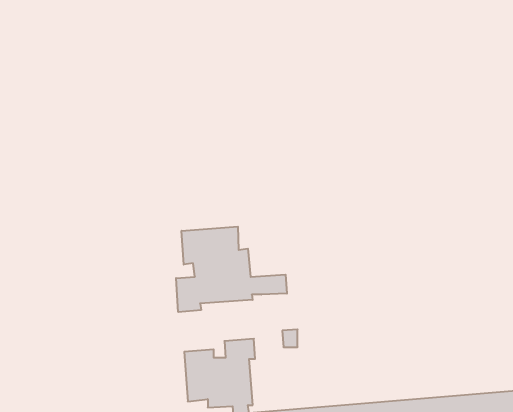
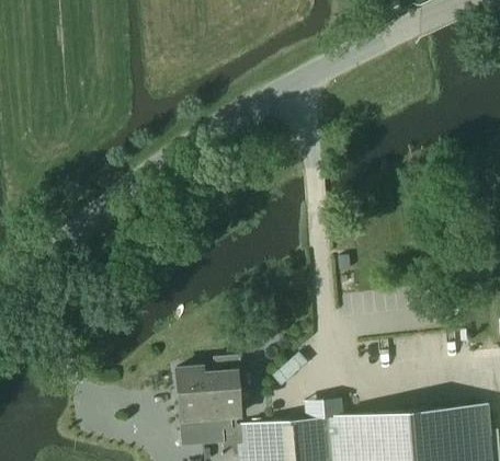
building: [176,227,287,312] -> none

